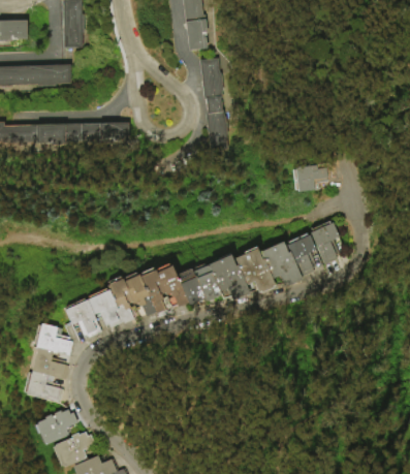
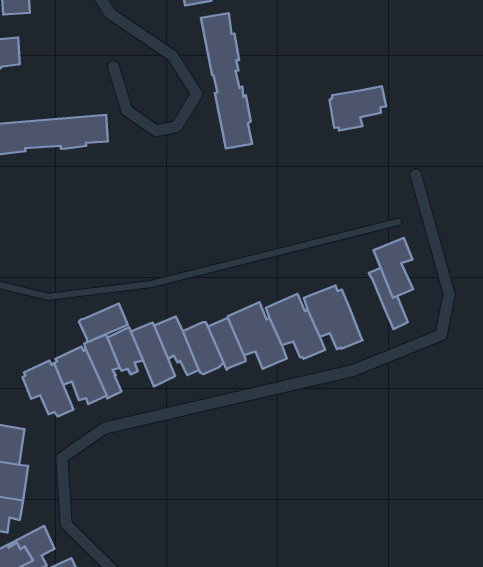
building: [294,162,334,191] -> [329,86,386,131]
building: [286,246,314,289] -> none
building: none -> [79,304,128,342]

